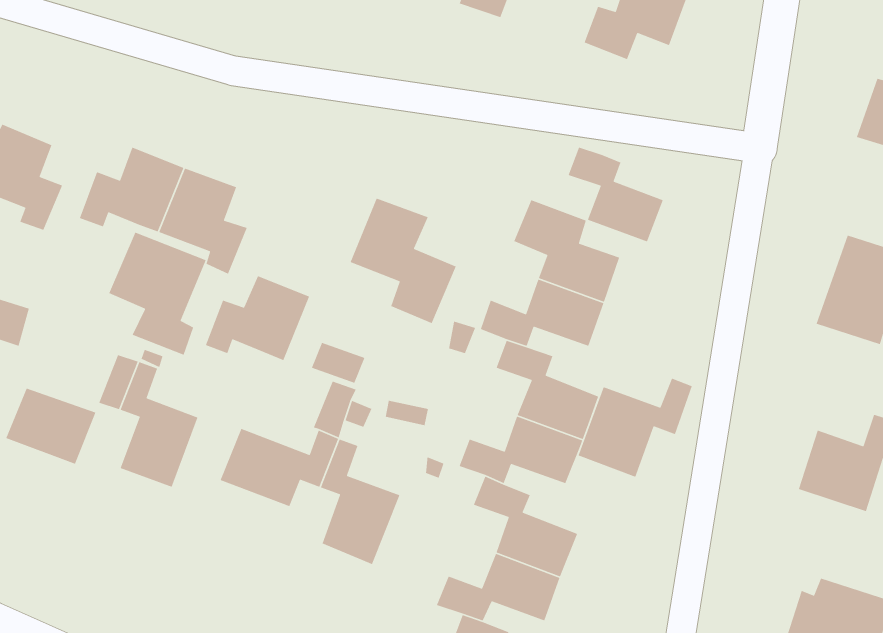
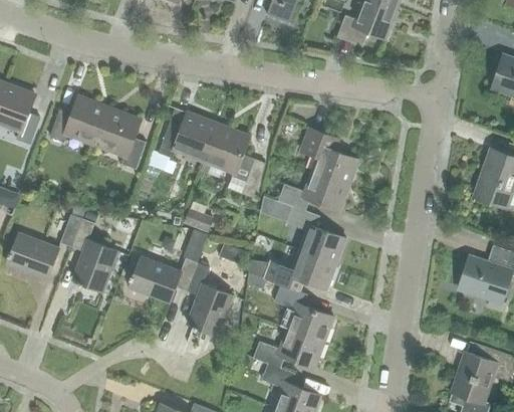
building: [567,146,664,243] -> none
building: [108,231,207,356] -> none
building: [205,275,310,361] -> [159,113,219,162]
building: [578,378,693,478] -> none

